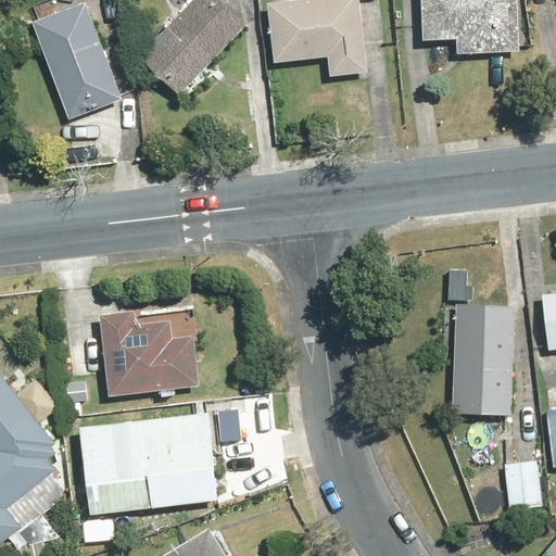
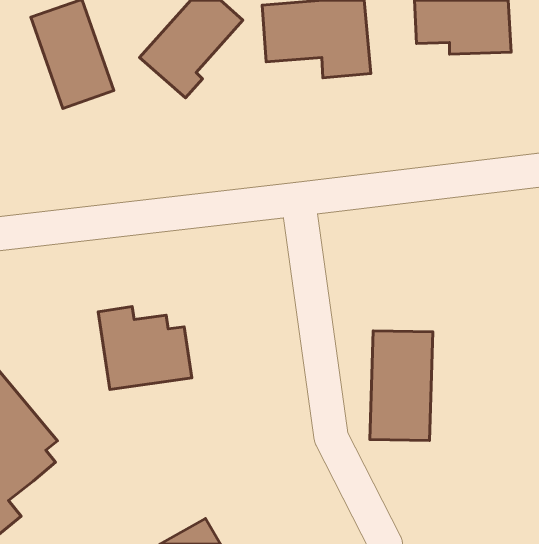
building: [452,303,516,415] -> [370,331,433,441]
building: [76,406,212,506] -> none
building: [504,460,542,510] -> none

